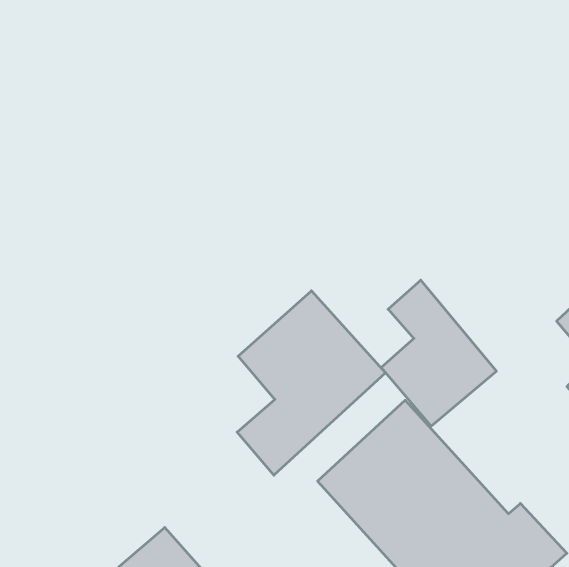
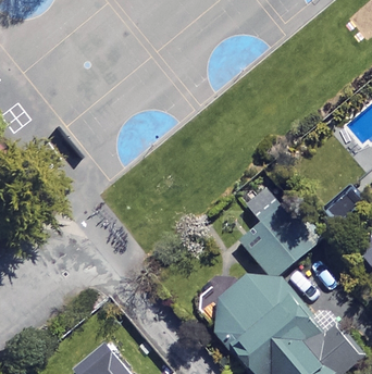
building: [237,291,386,475] -> none

